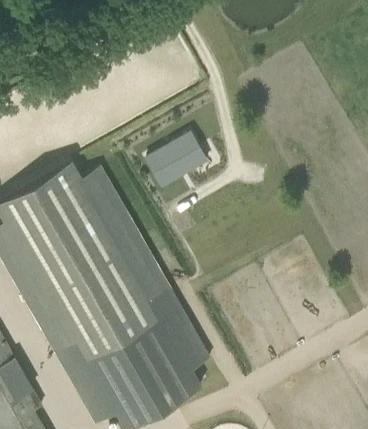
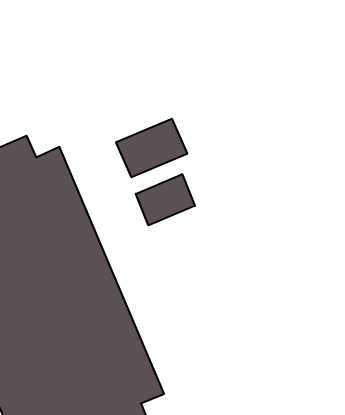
building: none -> [136,174,195,225]

